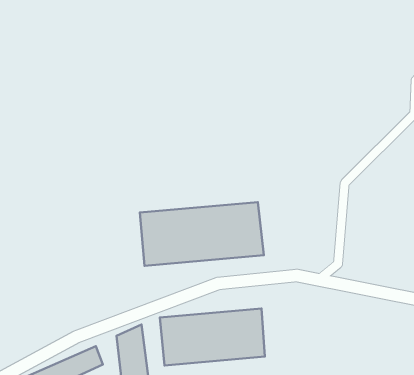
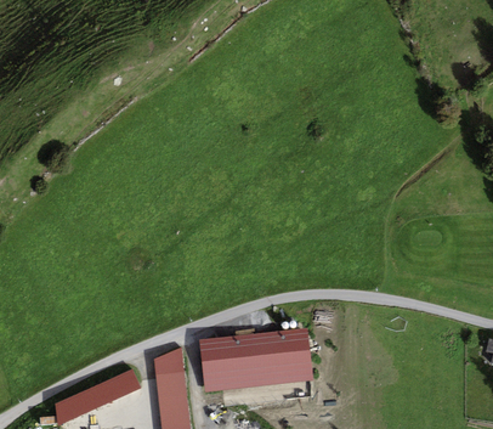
building: [140,202,264,266] -> none

